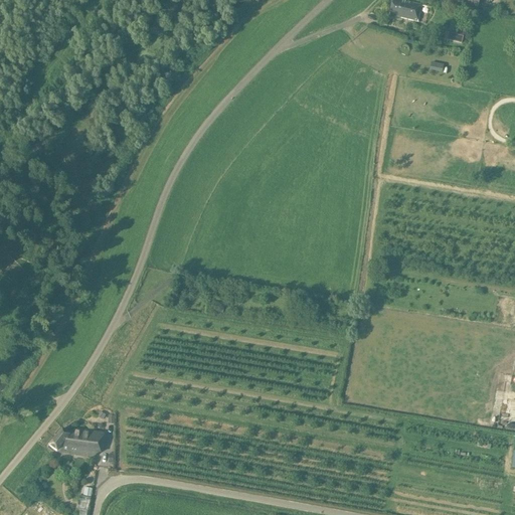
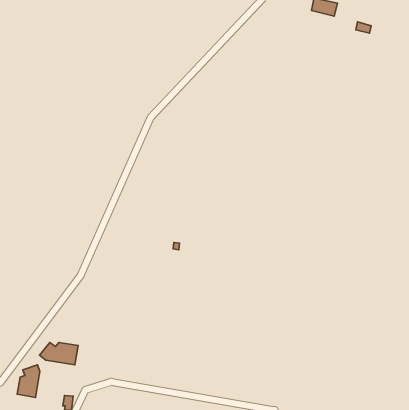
building: none -> [17,365,40,397]

